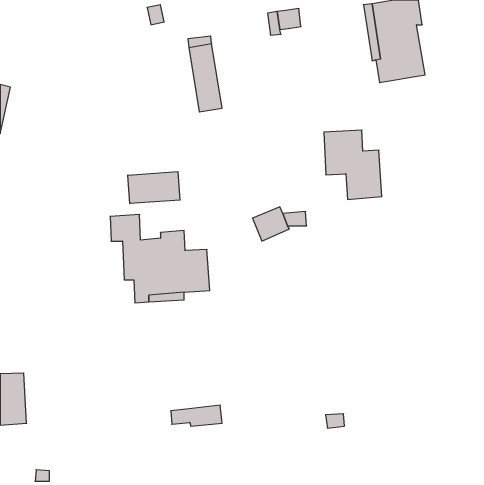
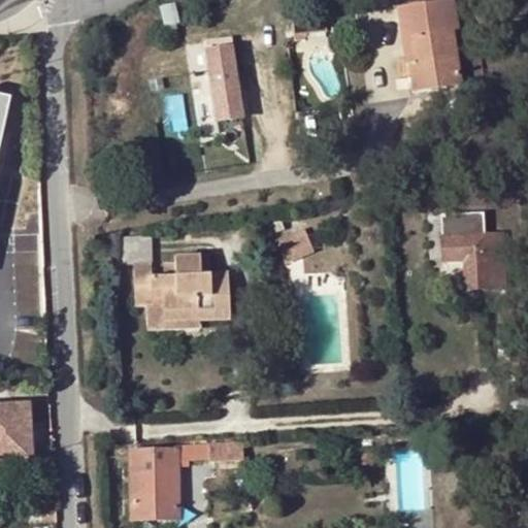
building: [324,130,382,199] -> [440,212,503,288]
building: [128,172,180,204] -> none
building: none -> [130,450,177,520]

